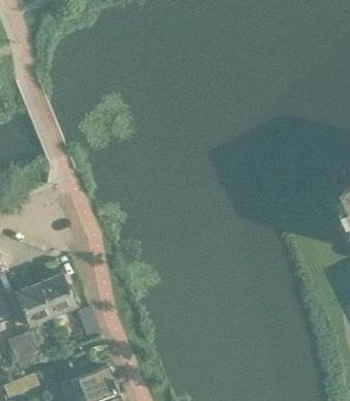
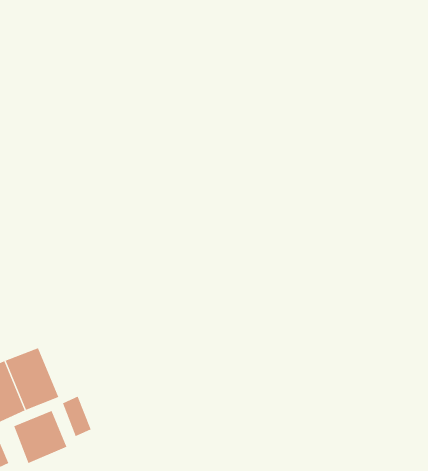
building: none -> [13,410,67,464]

